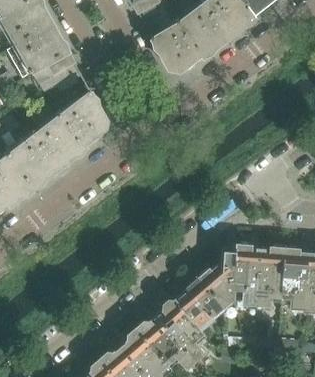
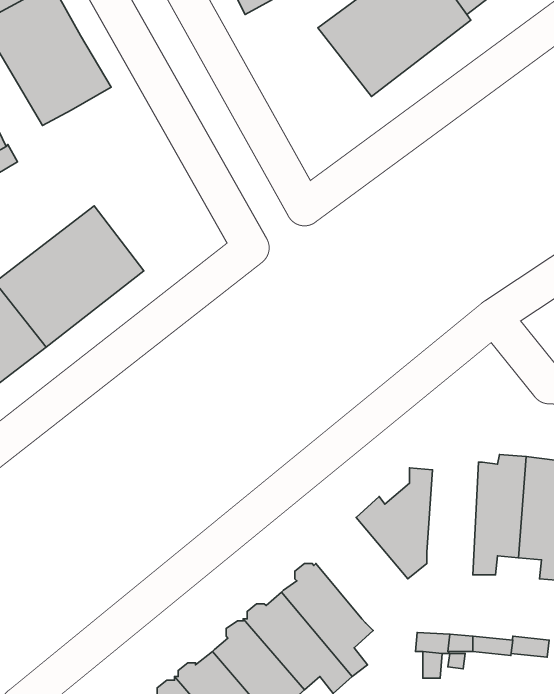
building: [151,21,204,70] -> none
building: [28,52,79,93] -> none
building: [59,92,107,148] -> none
building: [233,242,260,307] -> none
building: [175,277,223,332] -> none

